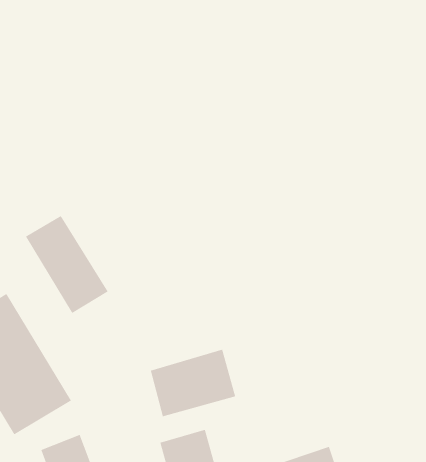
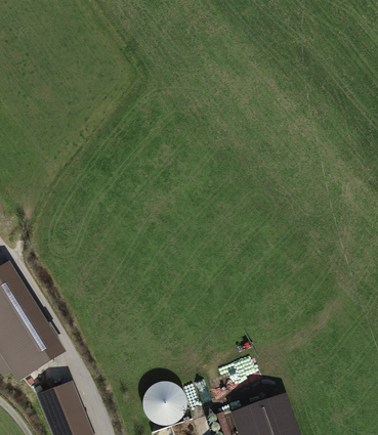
building: [25,215,108,314] -> none
building: [150,349,236,417] -> none

